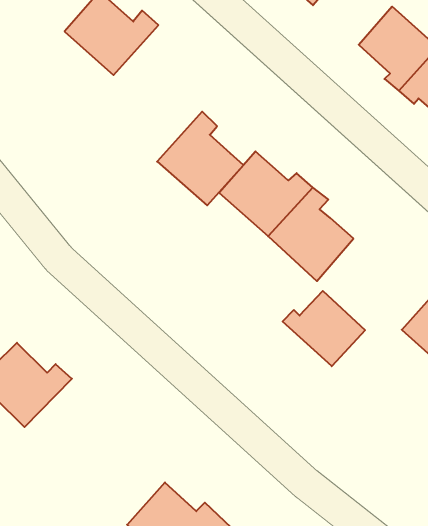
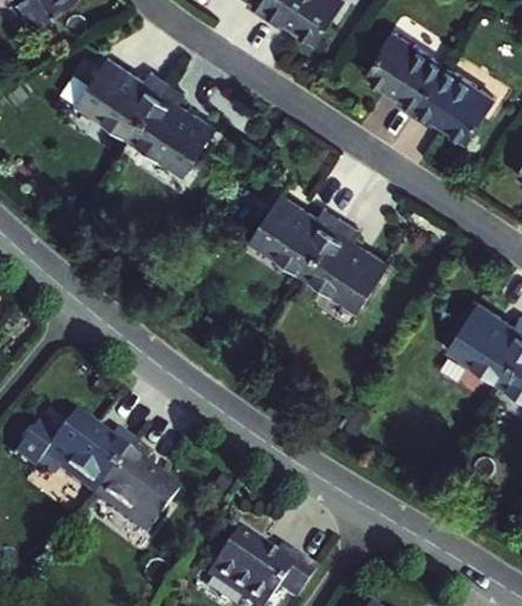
building: [157,112,243,205] -> [130,82,215,173]
building: [283,291,365,366] -> none
building: none -> [92,440,177,533]

